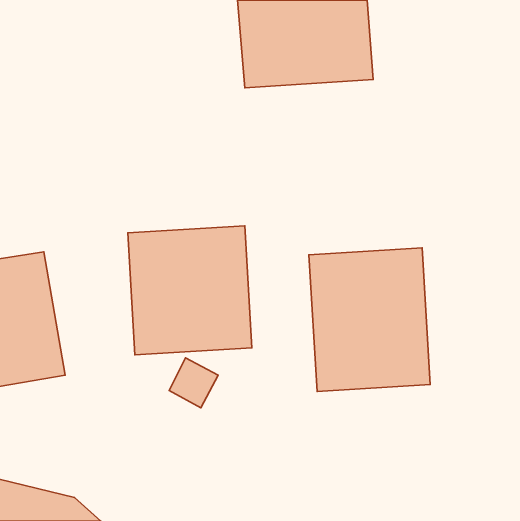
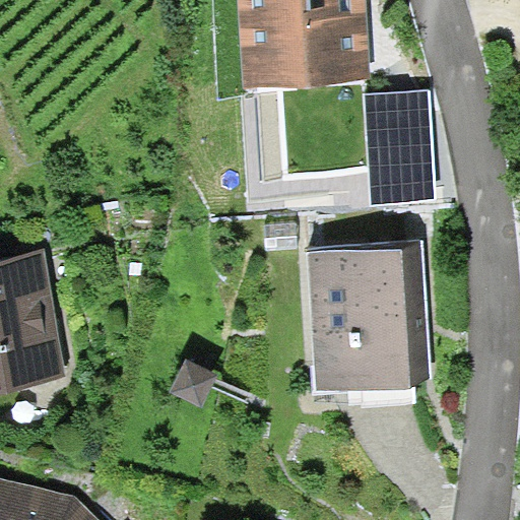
building: none -> [364,89,434,203]
building: [128,226,252,355] -> none

